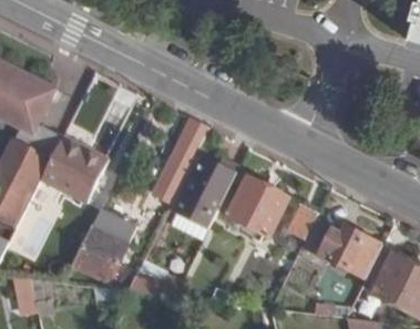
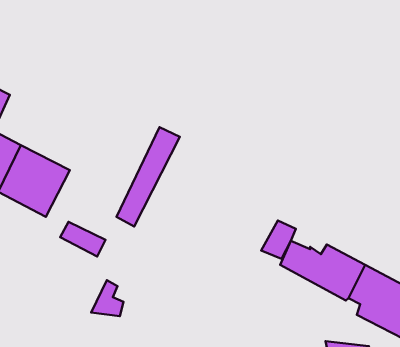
building: [175,158,238,229] -> none
building: [227,179,286,238] -> none
building: [72,226,130,282] -> none

